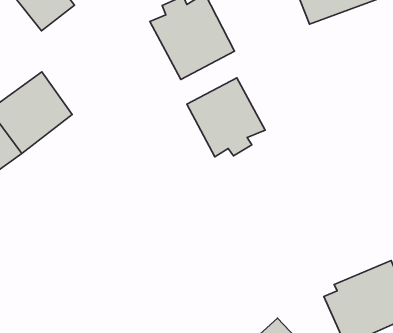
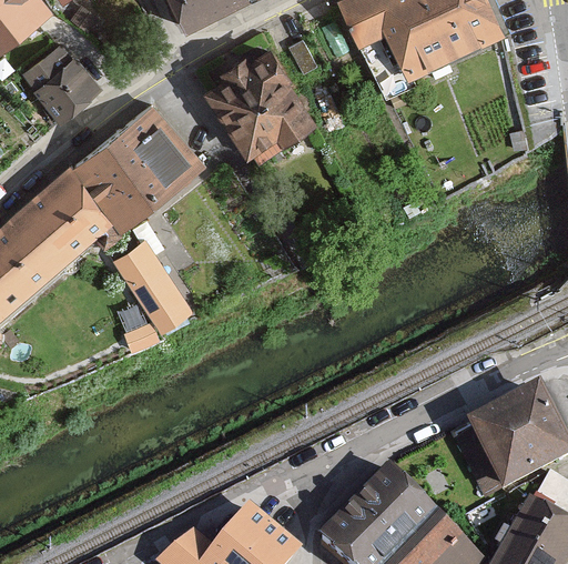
building: none -> [73,103,204,233]
building: [187,78,265,157] -> none
building: none -> [111,233,196,345]

